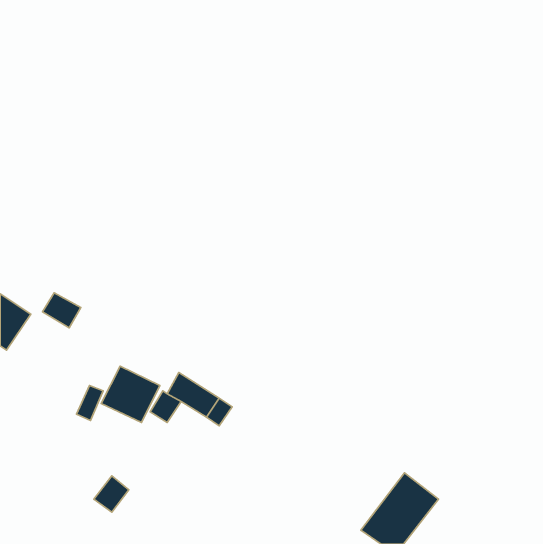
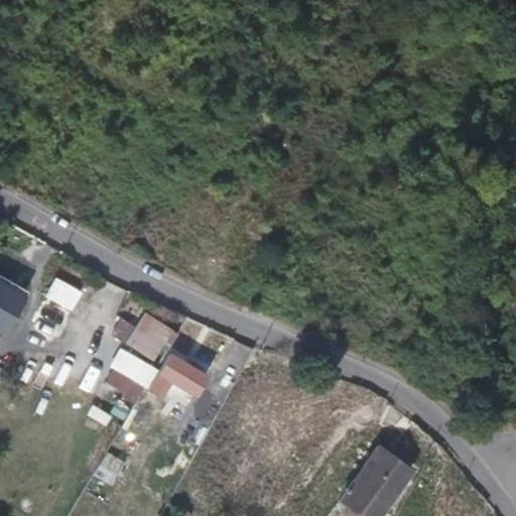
building: none -> [107,309,172,362]

